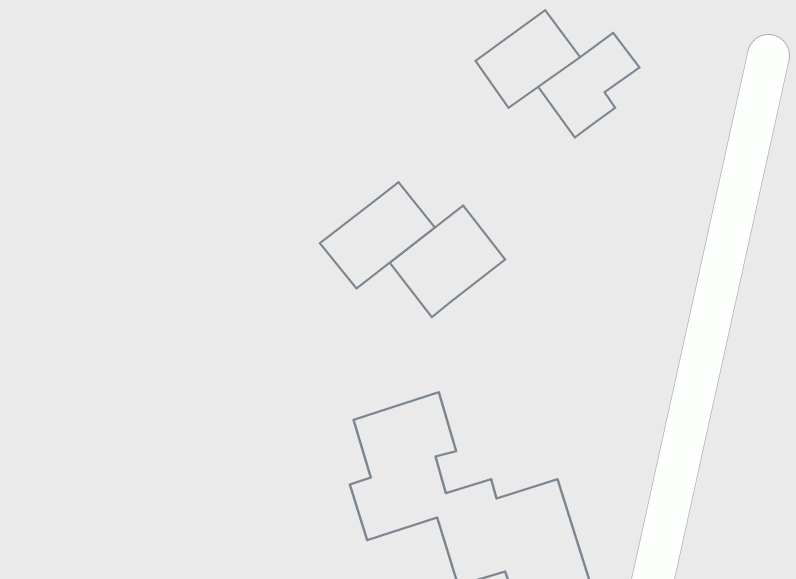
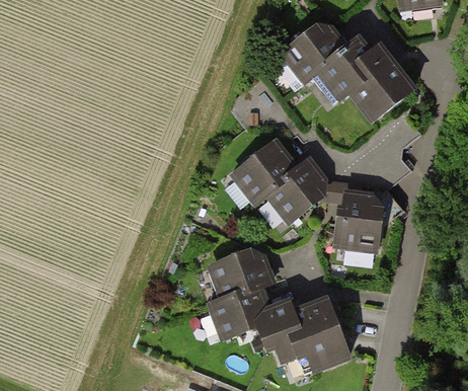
building: none -> [350,52,414,122]
building: [320,182,435,289] -> [266,160,333,222]
building: none -> [334,192,378,250]

